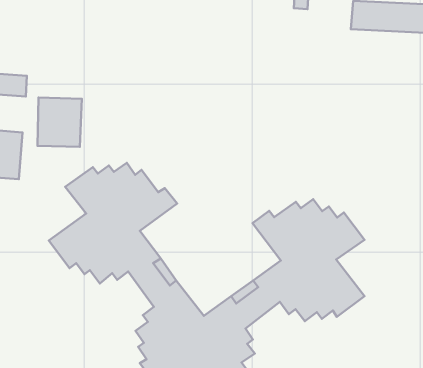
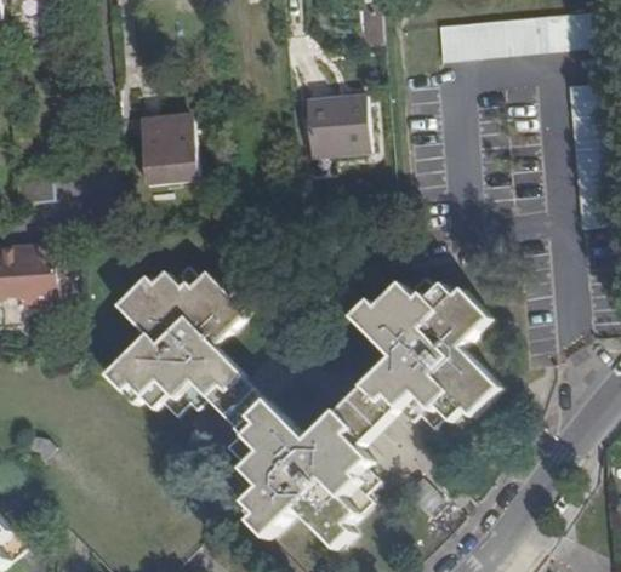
building: none -> [303,95,368,158]
building: [38,98,82,147] -> [137,120,196,185]

